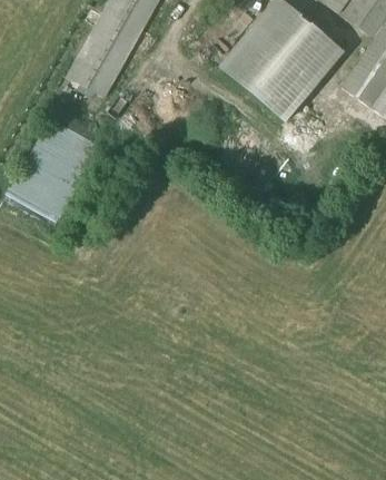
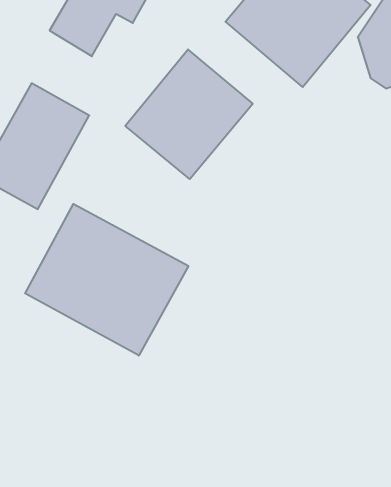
building: none -> [125,49,253,179]
building: none -> [25,204,188,356]

